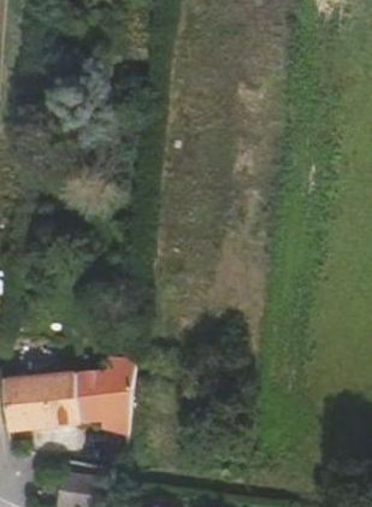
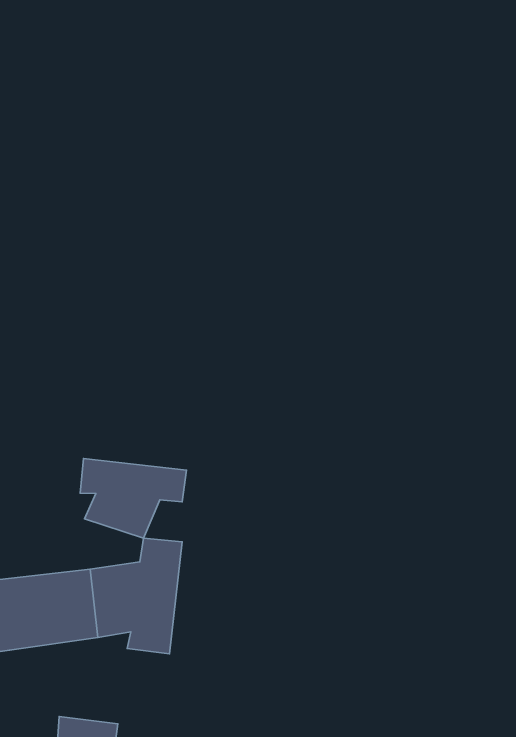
building: none -> [80,458,186,538]

